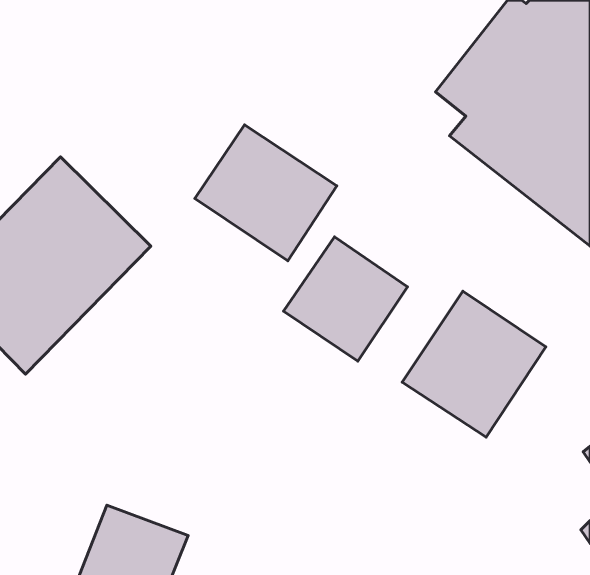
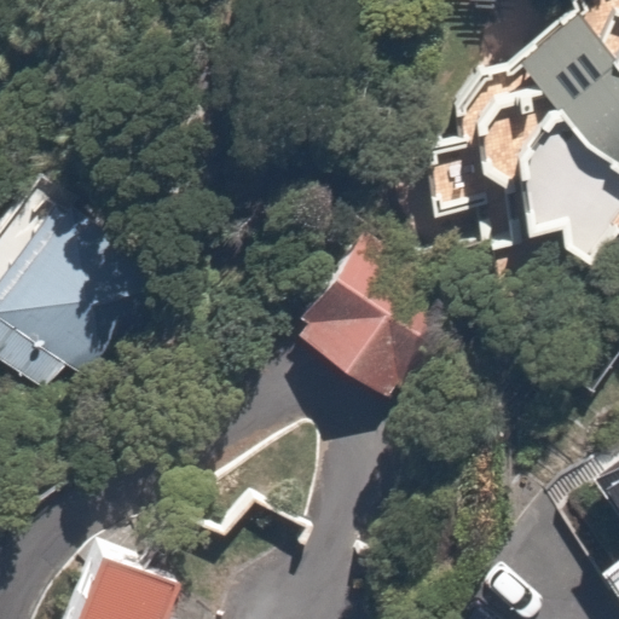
building: [195,125,337,261] -> none
building: [402,291,546,437] -> none

